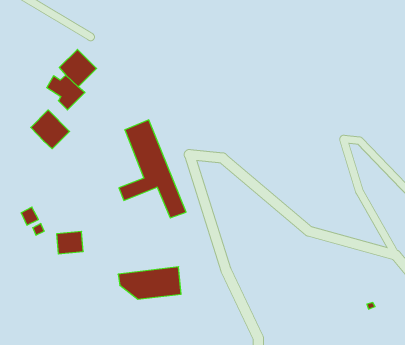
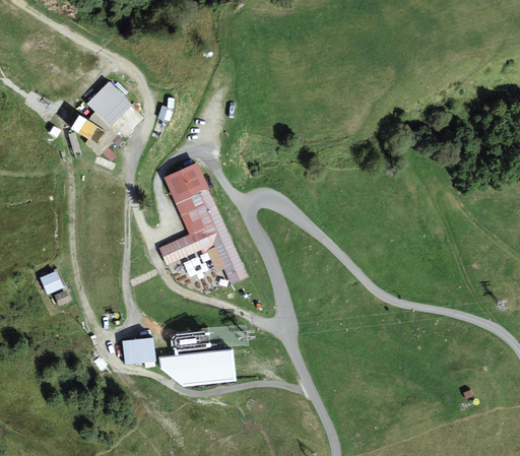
building: [31,110,70,149] -> none
building: [57,231,83,254] -> [123,335,155,363]

